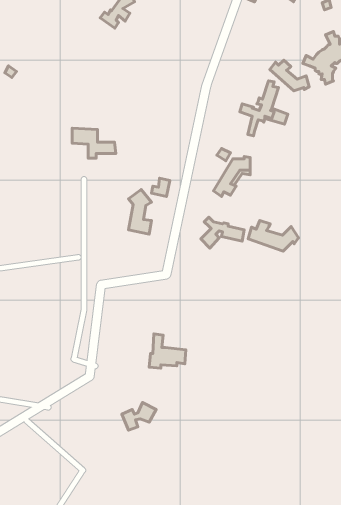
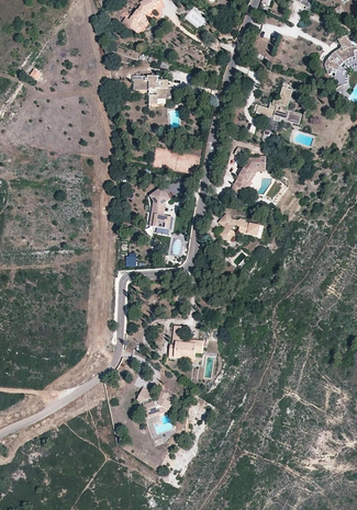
building: [270,60,309,91] -> none
building: [72,128,116,158] -> [133,75,175,103]
building: [248,220,298,251] -> none

